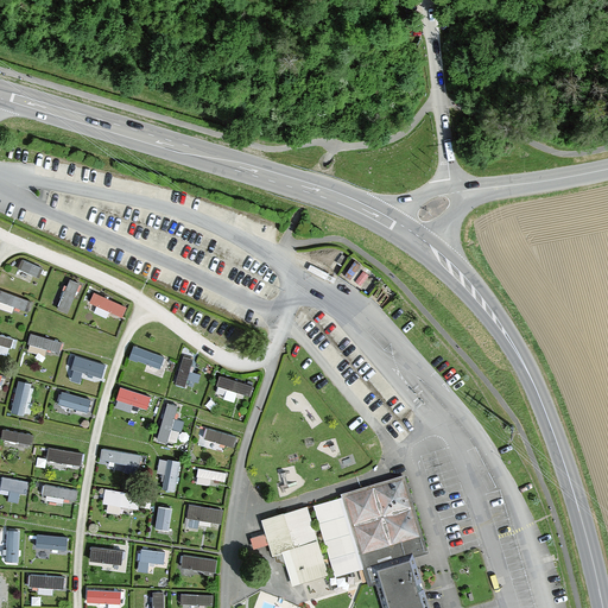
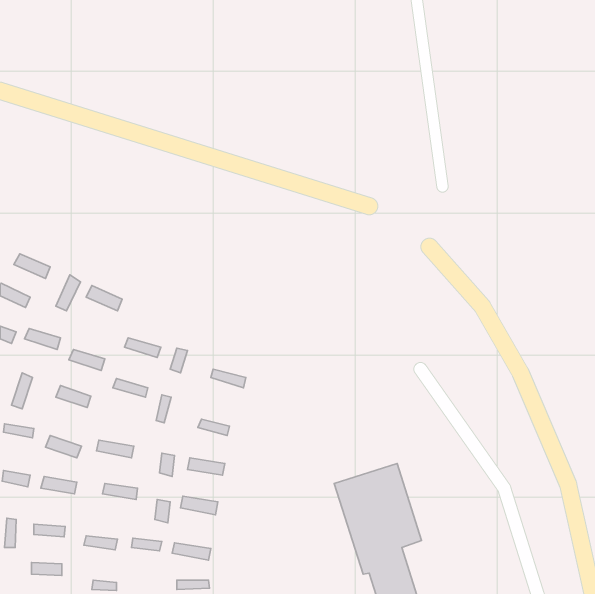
building: [312,500,361,581] -> none
building: [259,511,325,588] -> none

